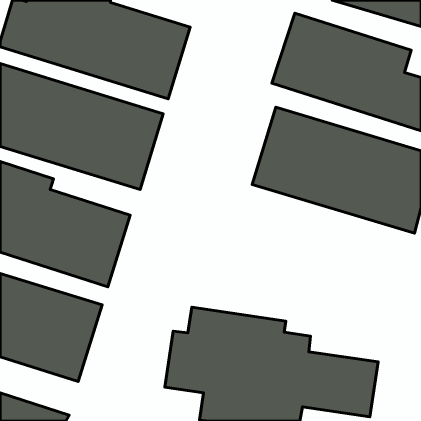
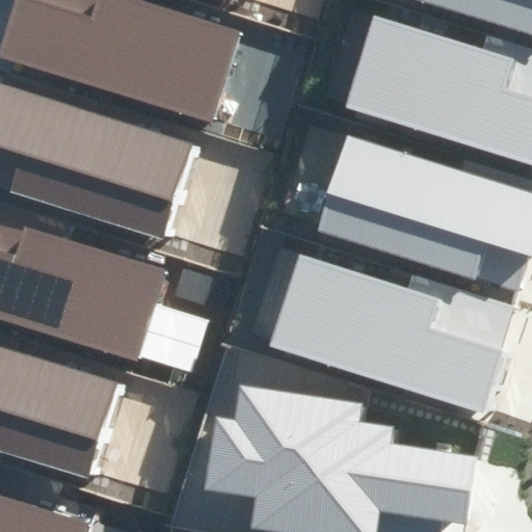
building: none -> [272,256,507,413]

